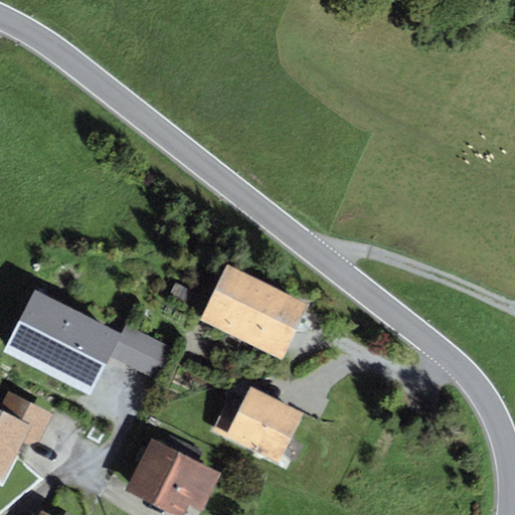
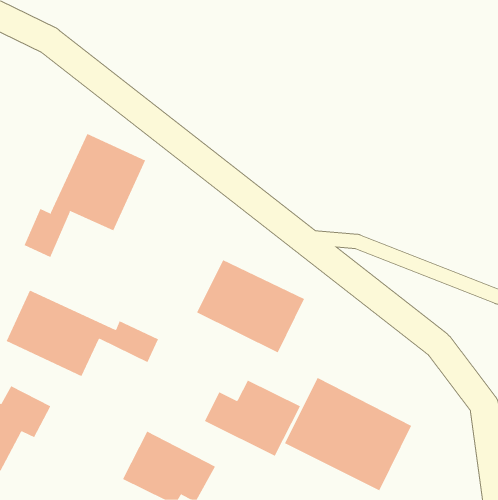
building: none -> [24,133,146,258]
building: none -> [284,377,412,491]

